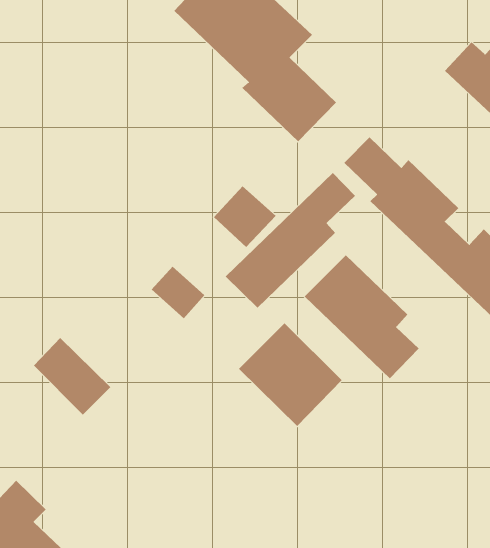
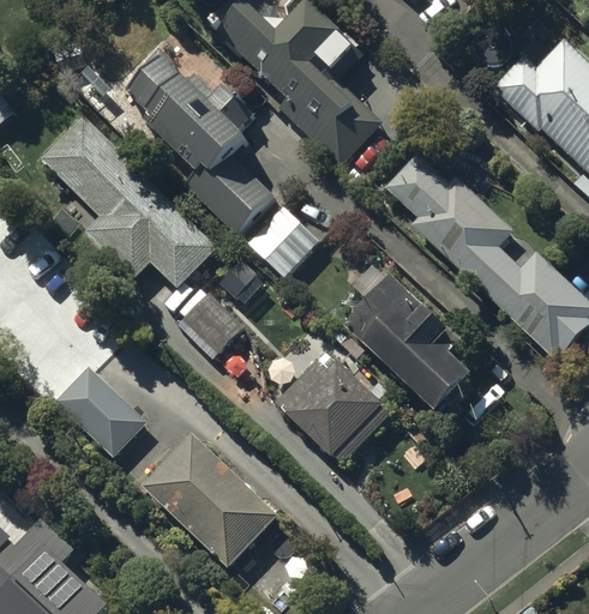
building: none -> [126,56,271,230]
building: none -> [43,120,211,283]
building: [225,172,356,309] -> none
building: none -> [148,438,275,565]

